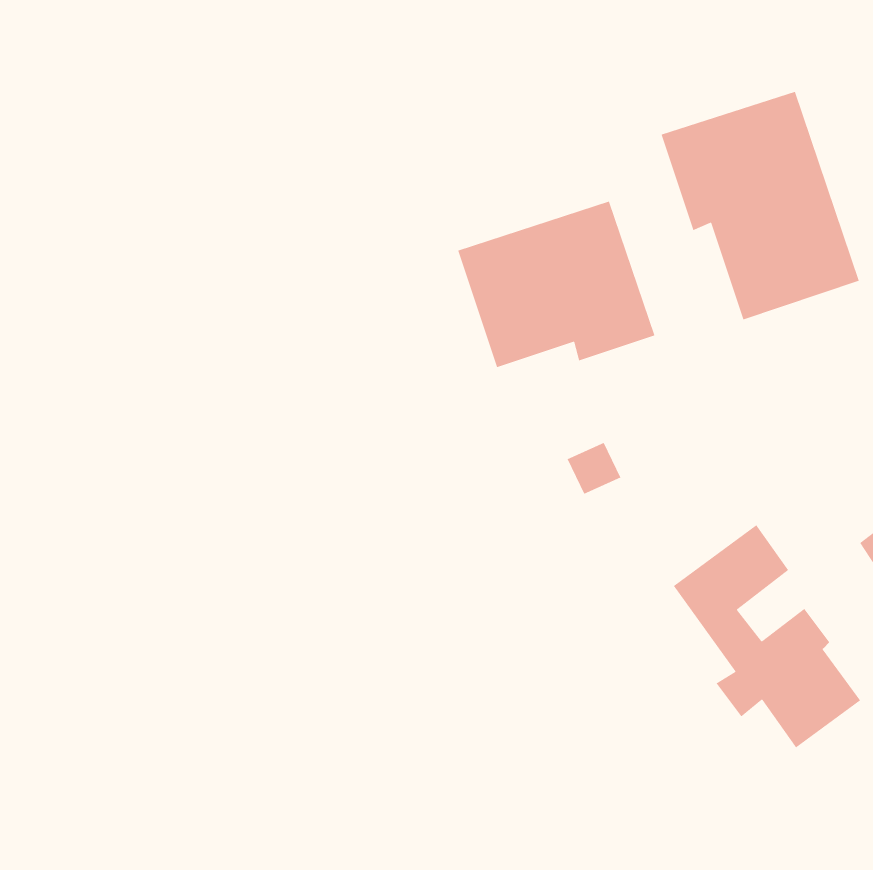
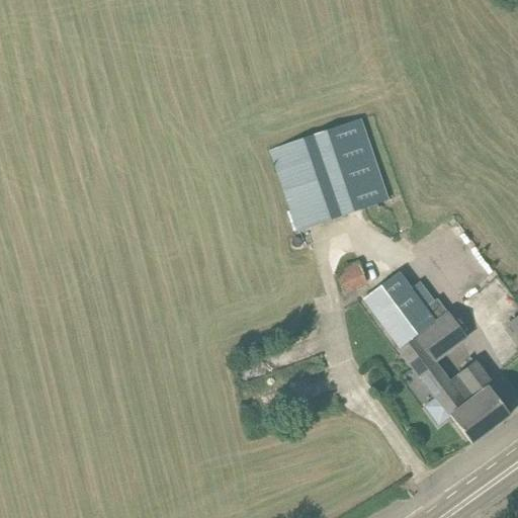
building: [660,91,860,320] -> none
building: none -> [364,270,448,346]

